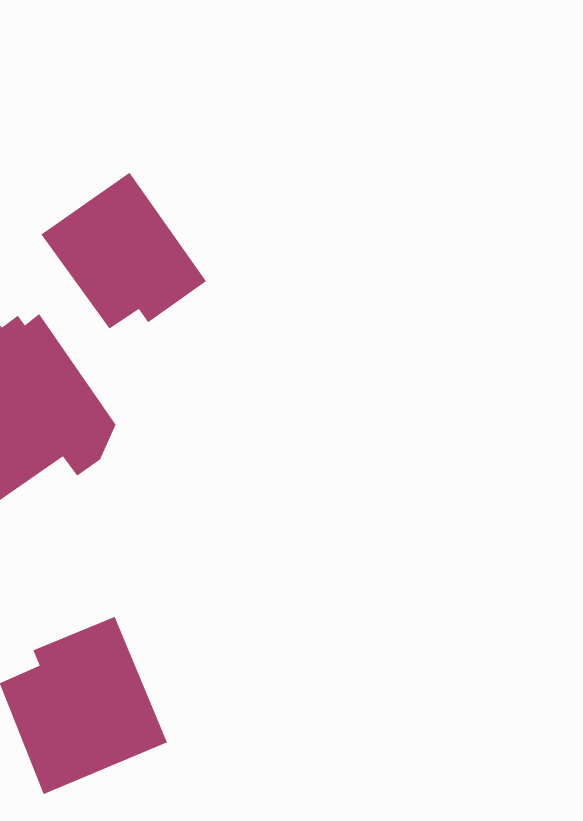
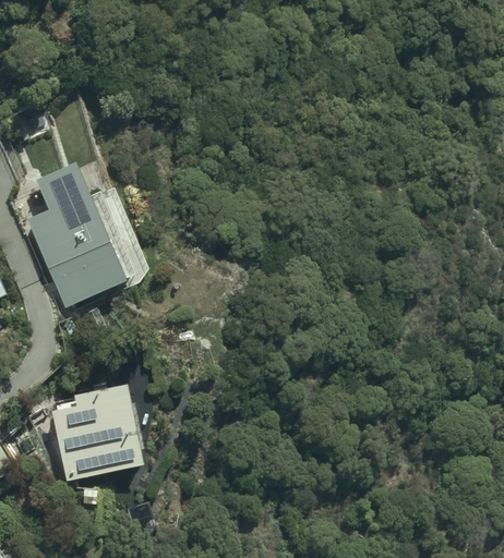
building: [40,172,207,330] -> none

